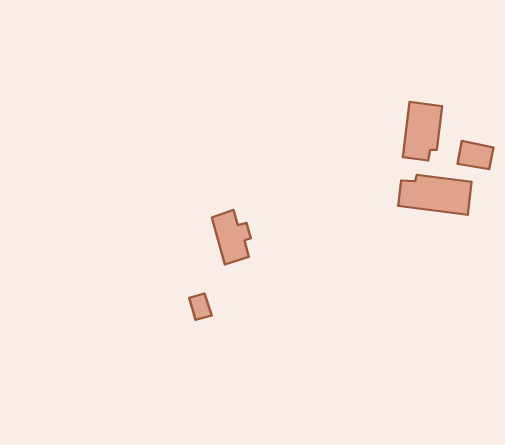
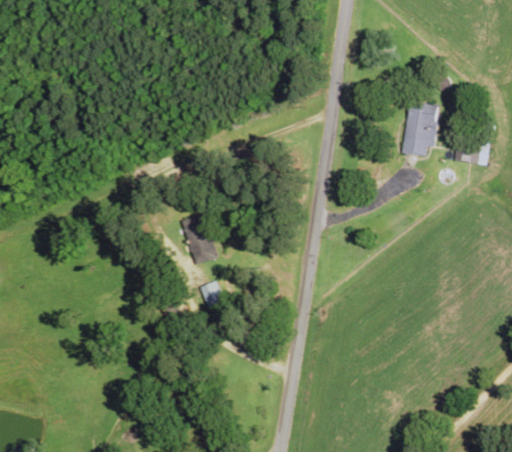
building: [398,175,471,215] -> none
building: [212,210,251,264] -> [183,214,220,265]

